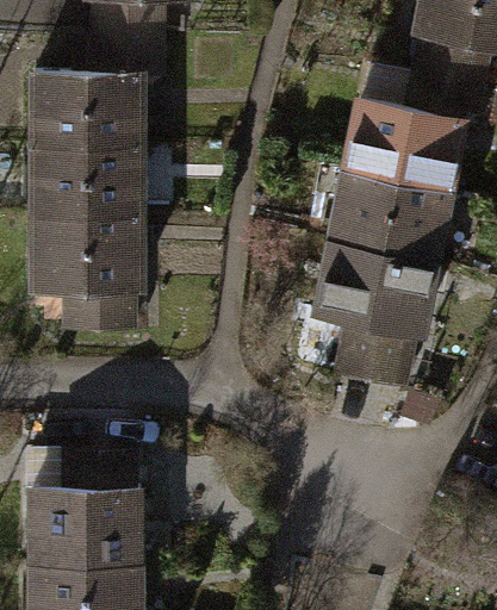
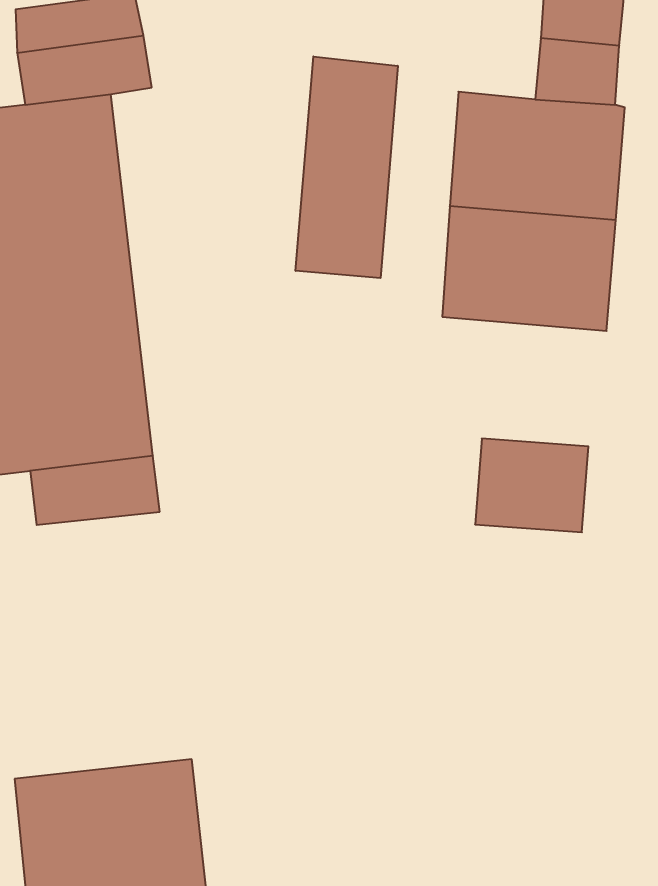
building: none -> [296,56,398,278]
building: [317,234,436,328] -> none

